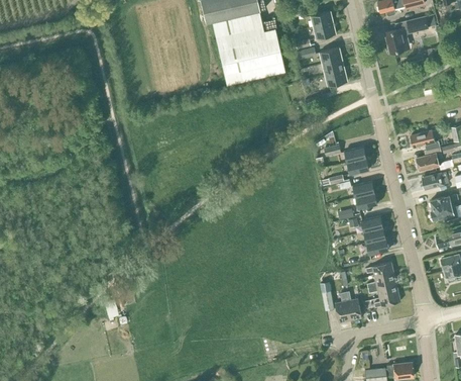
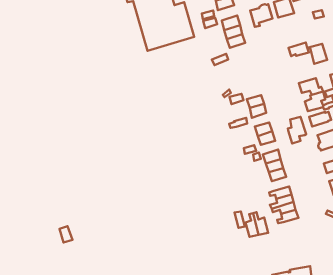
building: none -> [250,4,272,27]
building: none -> [288,43,327,64]
building: none -> [288,117,306,143]

